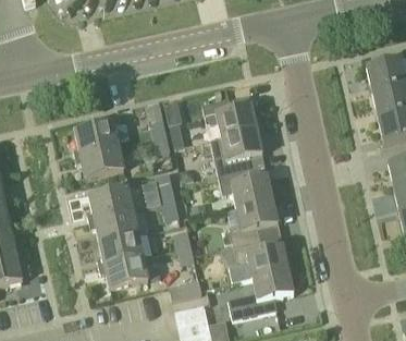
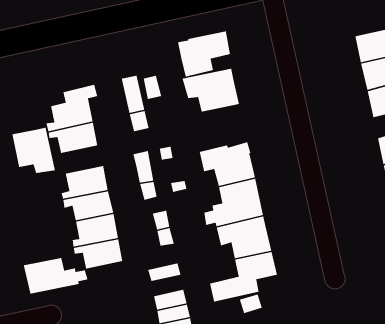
building: [210,131,261,175] -> [177,31,231,77]
building: none -> [11,127,56,174]
building: none -> [23,257,89,295]

